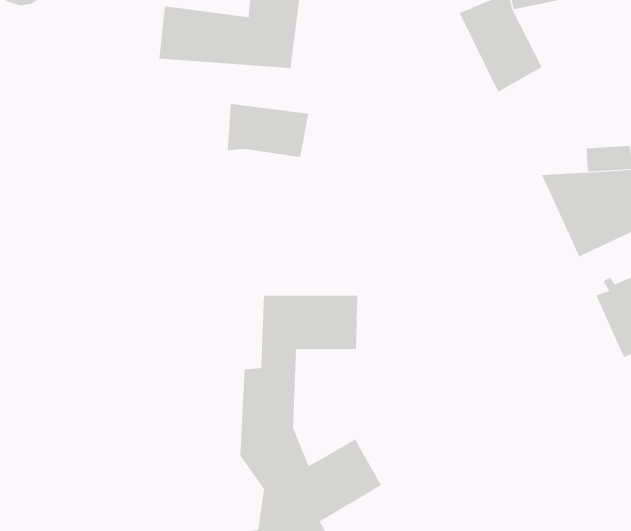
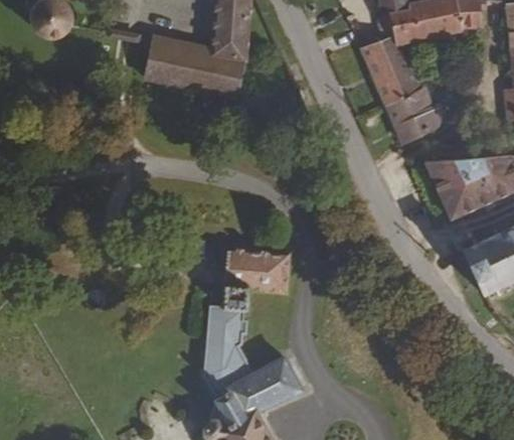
building: none -> [389,82,448,141]
building: [227,103,309,158] -> none

